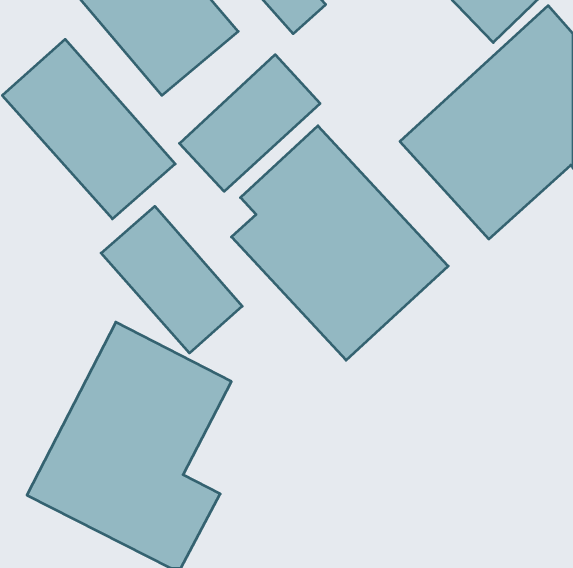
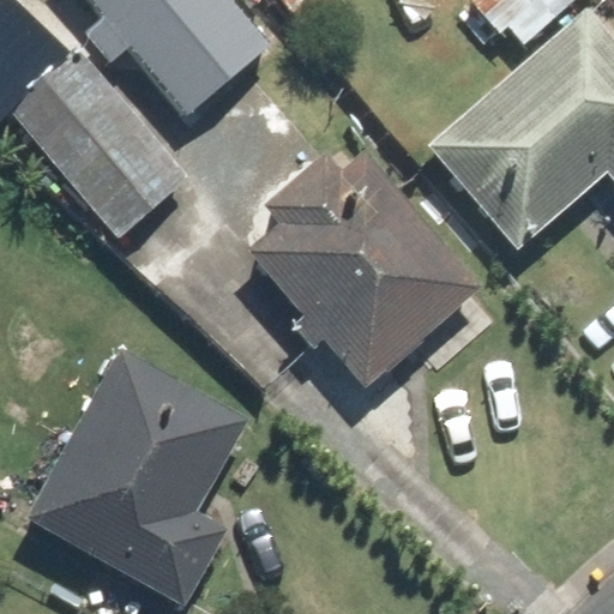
building: [179,55,320,191] -> none
building: [101,206,242,353] -> none

